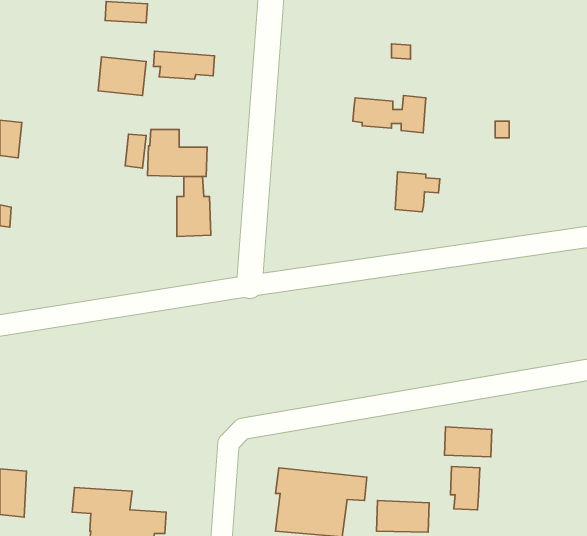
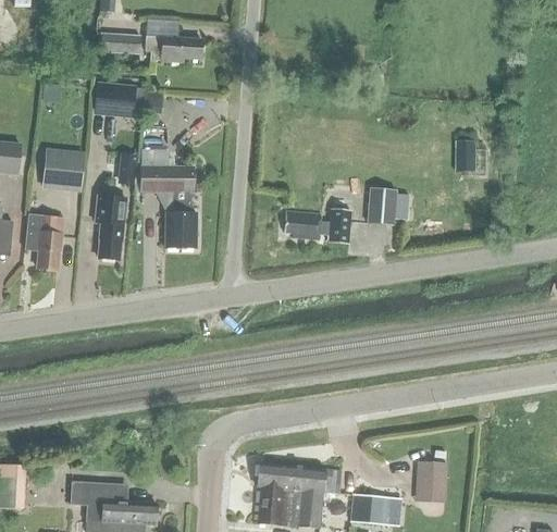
building: [153,51,214,79] -> [143,35,199,61]
building: [353,95,426,133] -> [283,209,350,244]
building: none -> [45,149,83,182]
building: none -> [96,196,126,259]
building: none -> [25,213,63,268]
building: [444,427,492,457] -> none

